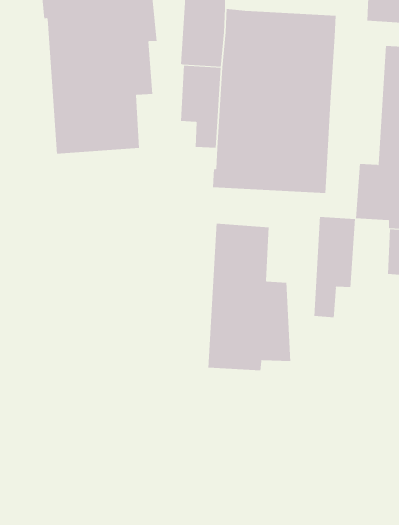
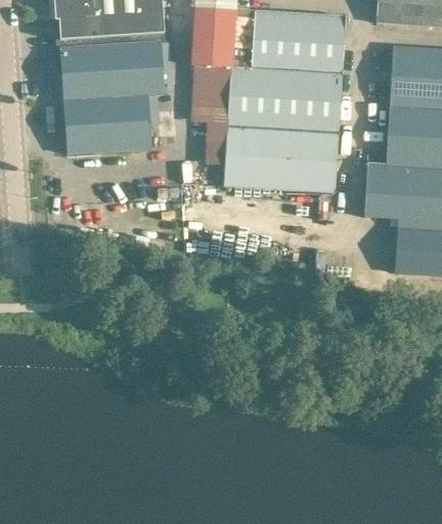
building: [314,216,355,318] -> none
building: [208,223,291,371] -> none

